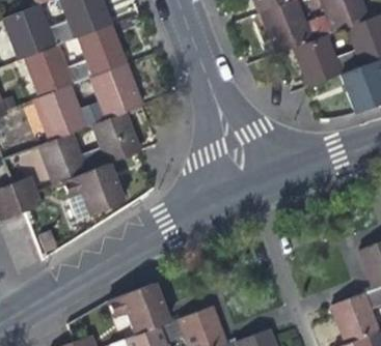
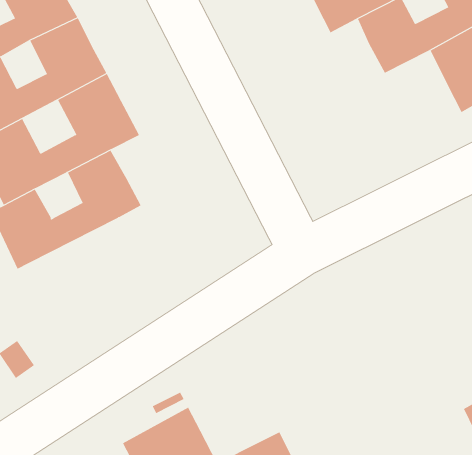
building: [63,163,124,213] -> none

